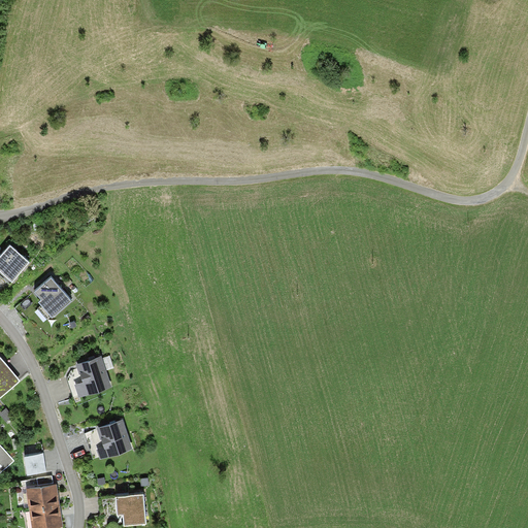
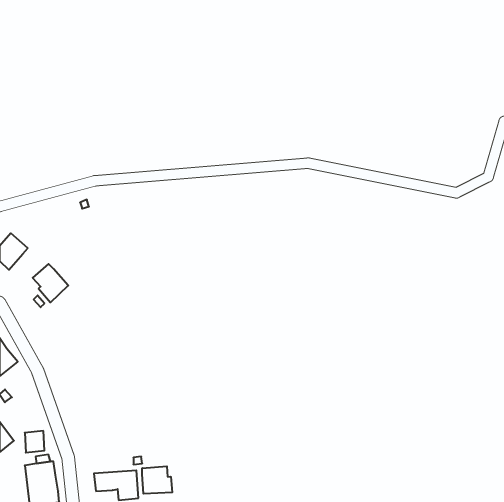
building: [66,356,112,400] -> none
building: [84,420,130,460] -> none
building: none -> [142,466,172,494]

